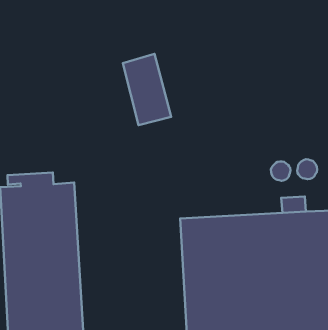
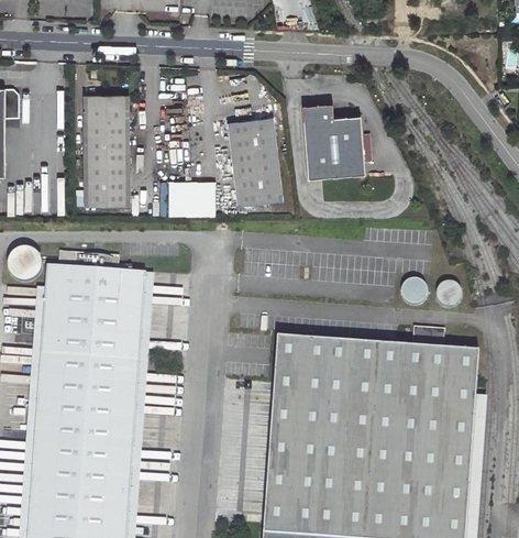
building: none -> [303,103,365,178]
building: none -> [82,102,128,208]
building: none -> [167,182,214,217]

